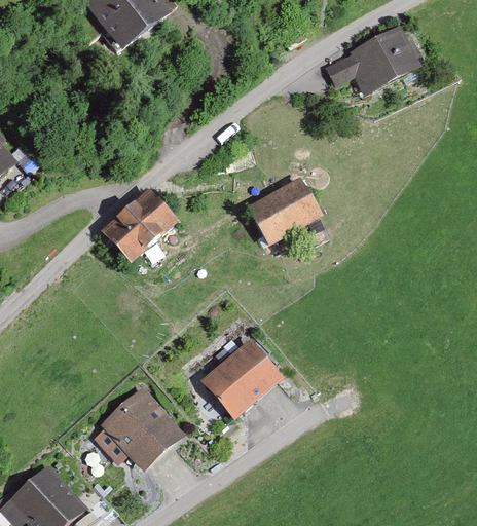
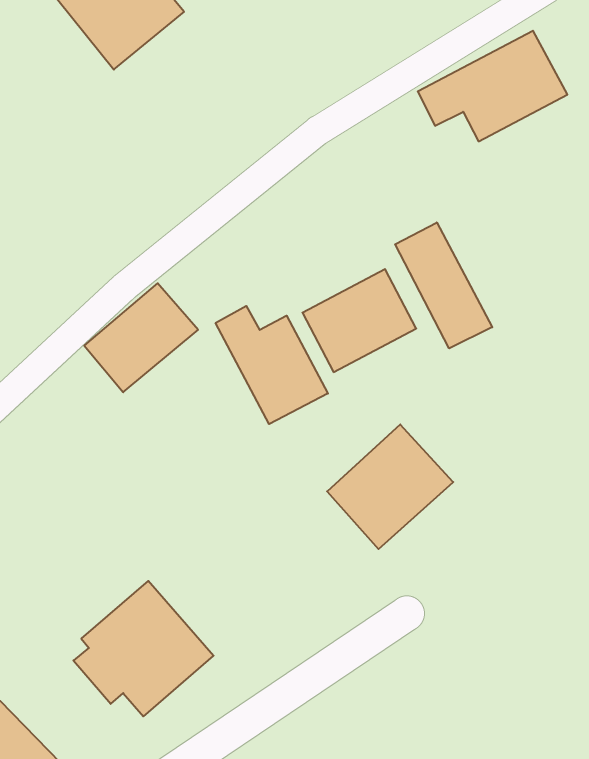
building: none -> [395,222,492,348]
building: none -> [216,306,328,424]
building: [199,336,283,418] -> [327,424,453,549]

